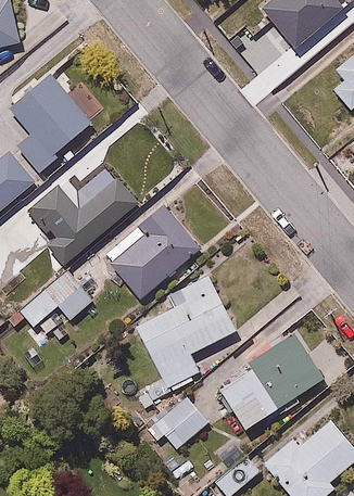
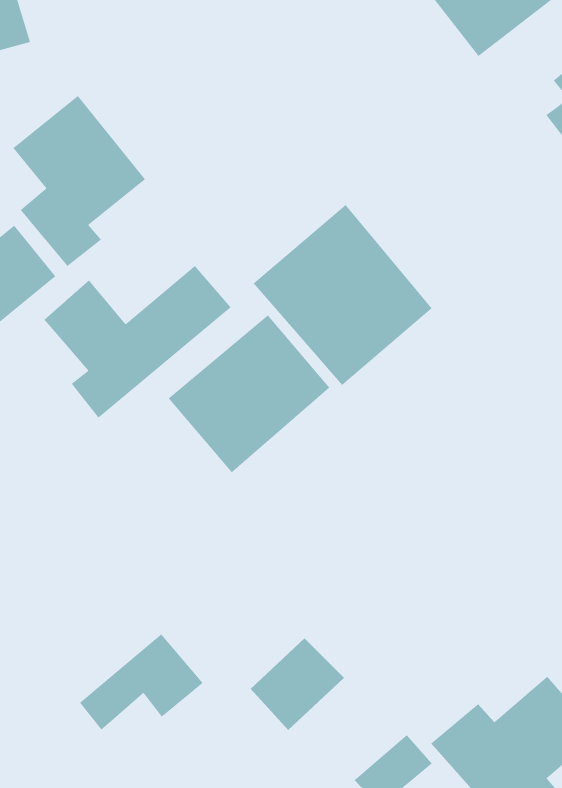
building: none -> [253,204,432,386]
building: [21,271,94,329] -> [79,634,203,730]
building: [137,274,237,389] -> none
building: [218,335,326,432] -> none

